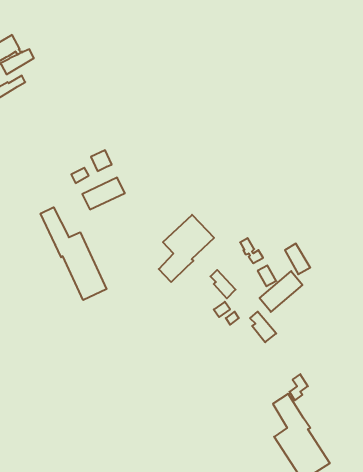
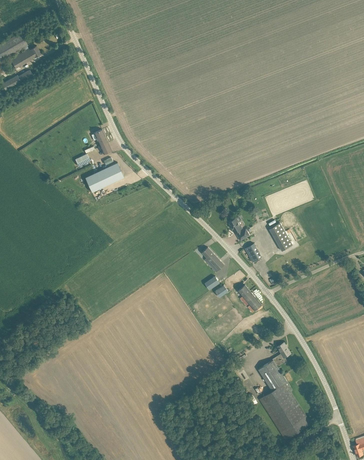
building: [41,207,107,300] -> none
building: [159,215,214,282] -> none
building: [260,271,302,312] -> none

